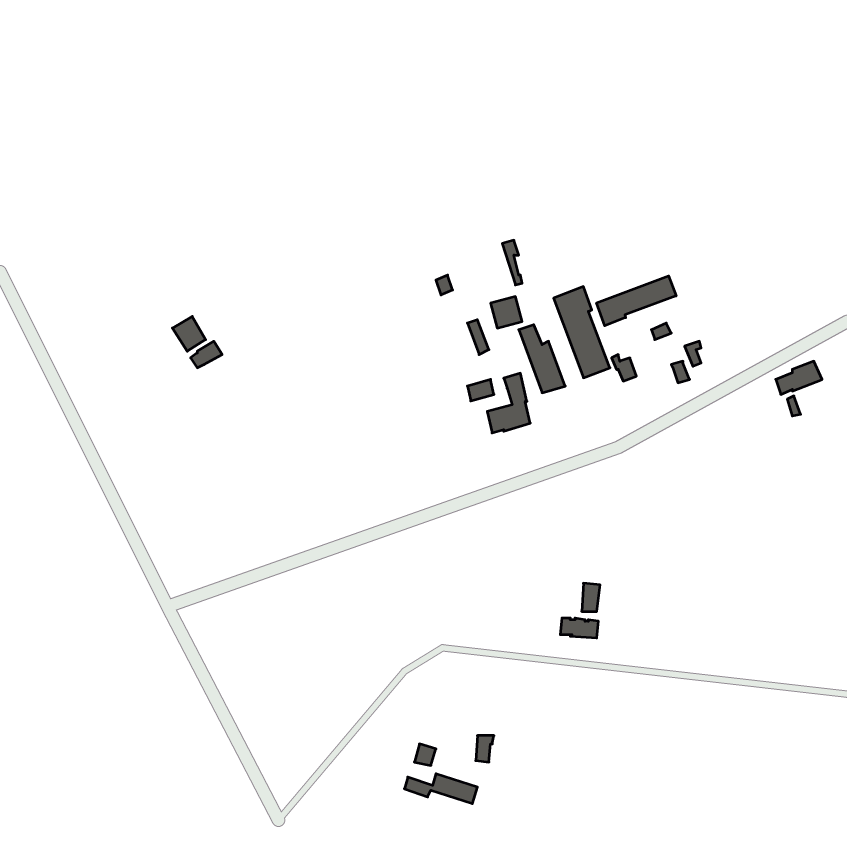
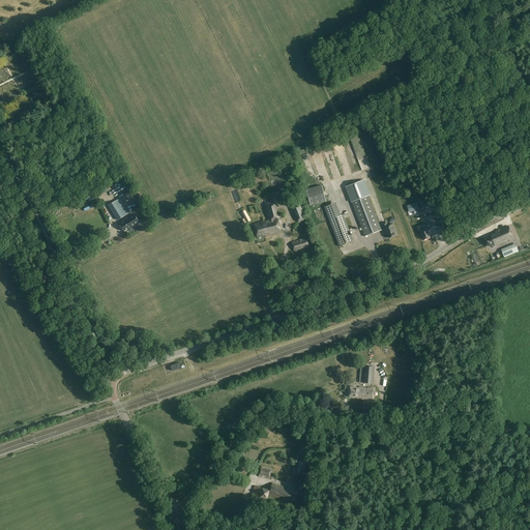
building: [597,276,676,326] -> none
building: [487,373,530,433] -> [254,200,281,237]

